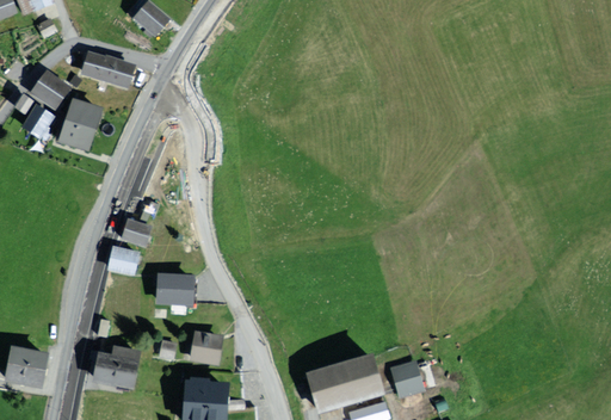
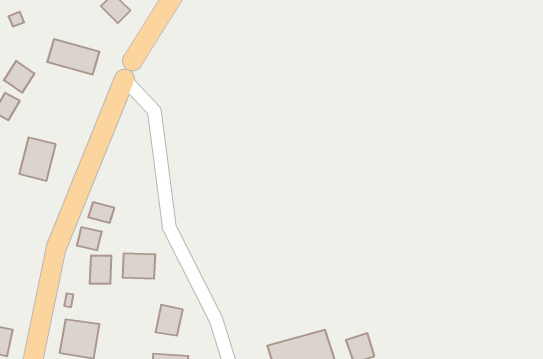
building: [63,103,101,148] -> [19,137,56,181]
building: none -> [90,255,111,284]

